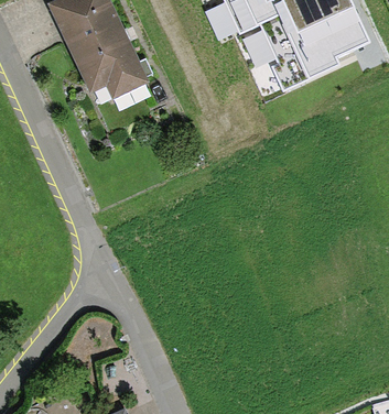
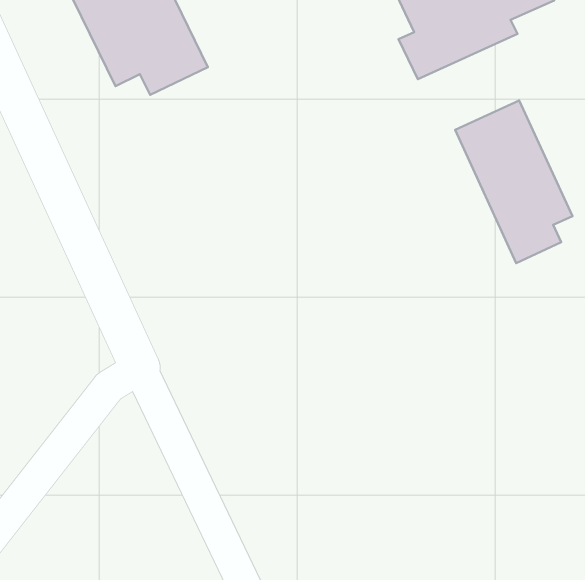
building: none -> [455,101,572,263]

